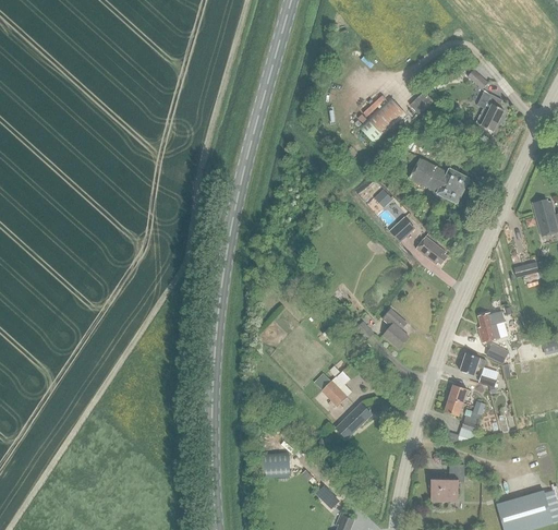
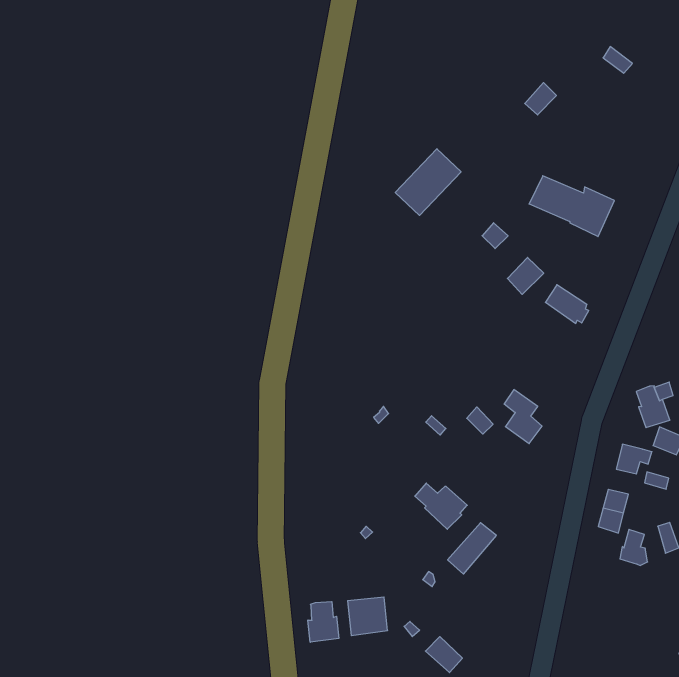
building: [475,91,504,131] -> none
building: [357,96,405,143] -> [395,149,461,215]
building: none -> [308,602,339,642]
building: [429,463,463,499] -> none

